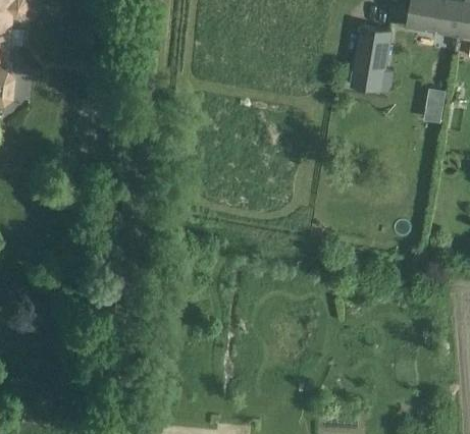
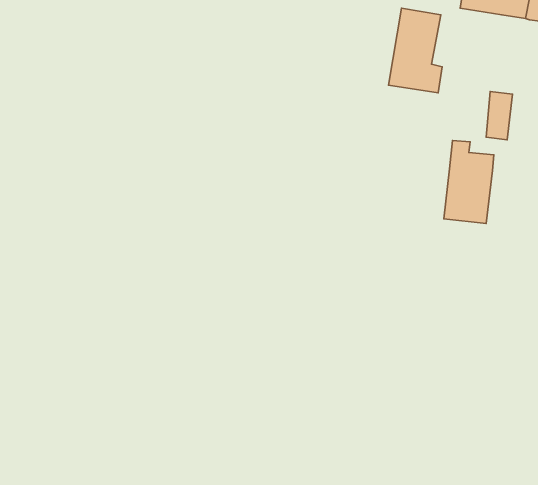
building: none -> [444,141,494,224]

